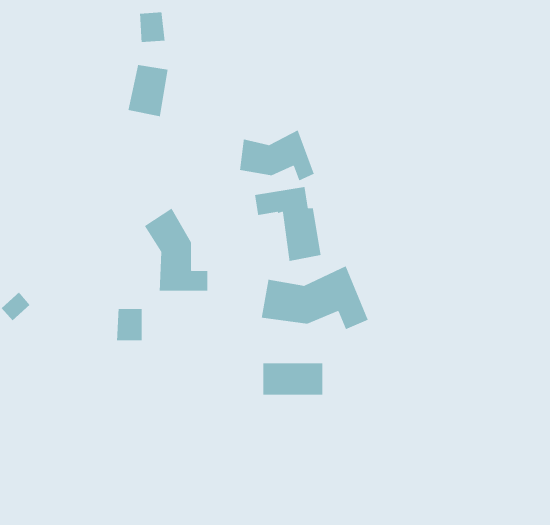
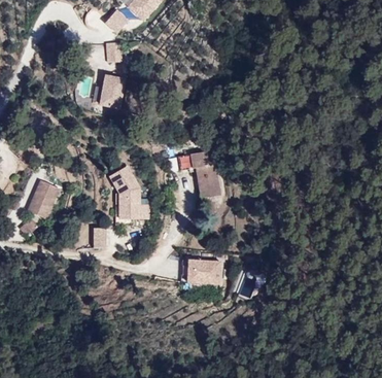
building: [239,129,315,181] -> none
building: none -> [28,180,59,218]
building: [261,265,369,330] -> none

